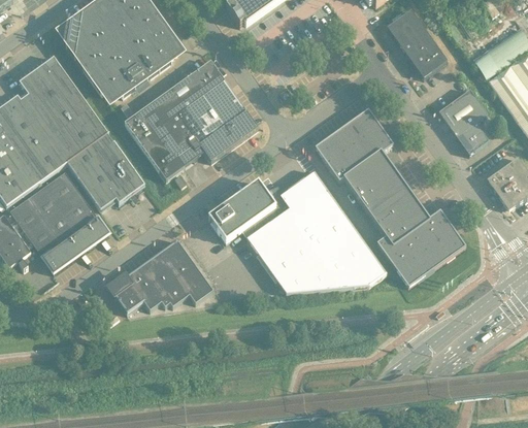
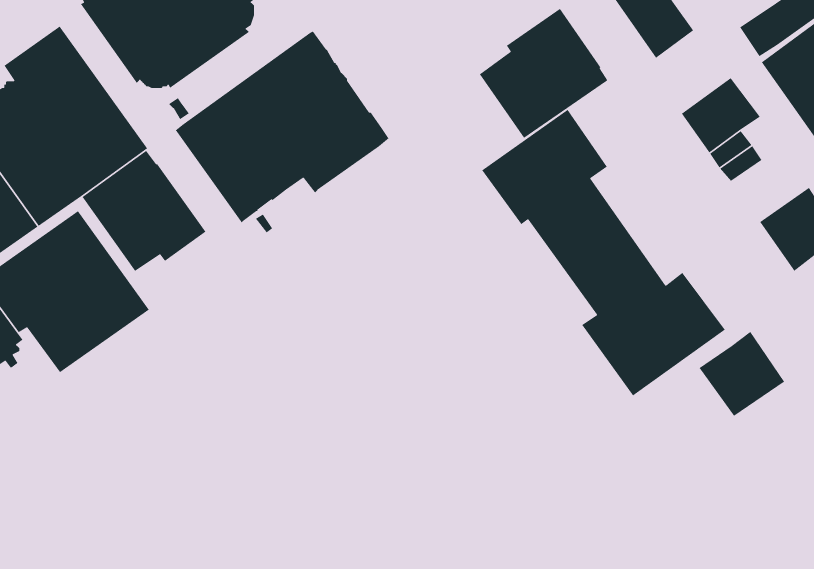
building: none -> [479,8,611,139]
building: [211,170,386,293] -> none
building: [108,237,212,311] -> none
building: none -> [699,331,785,417]

